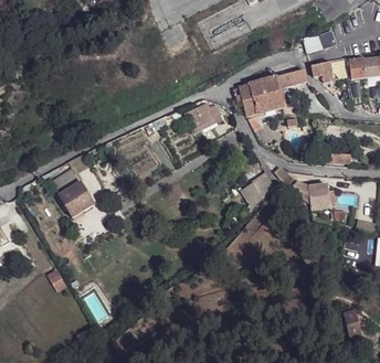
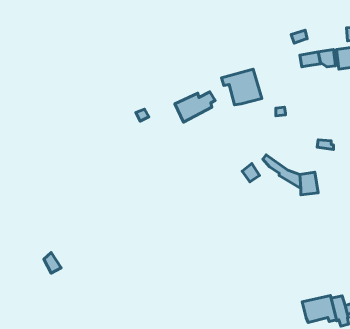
building: [264,71,307,110] -> none
building: [55,171,94,215] -> none
building: none -> [302,295,336,322]

